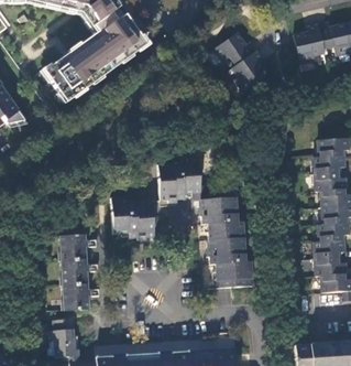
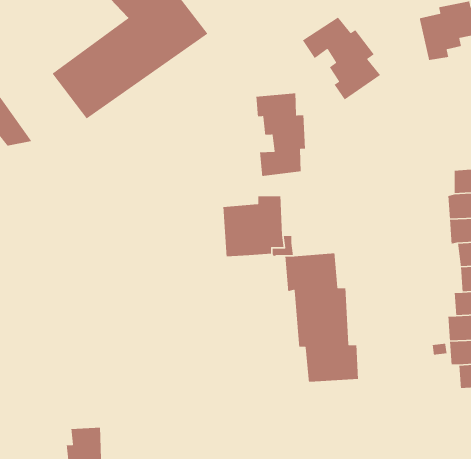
building: none -> [256,92,306,177]
building: [112,197,154,238] -> none
building: [59,235,90,311] -> none

